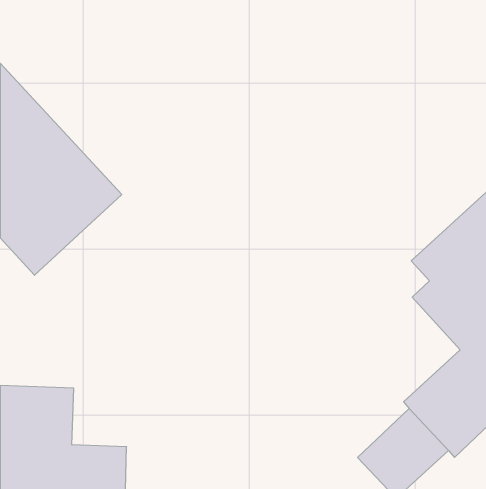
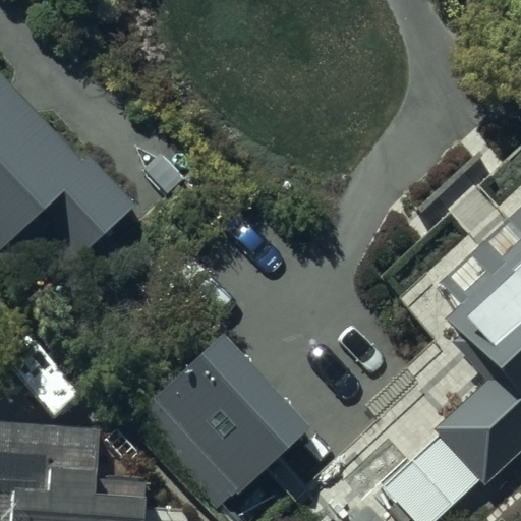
building: none -> [131,332,309,509]

